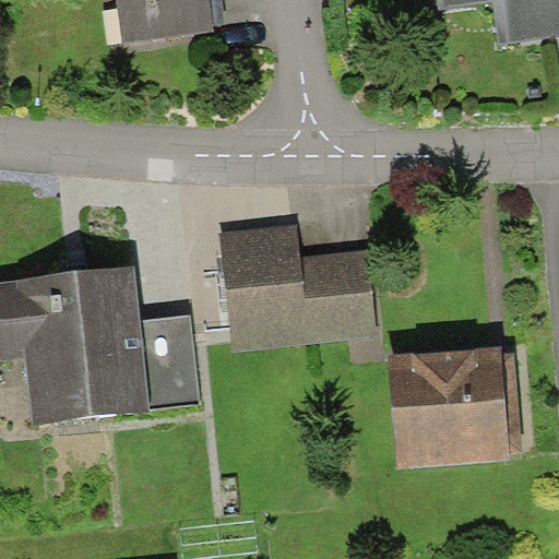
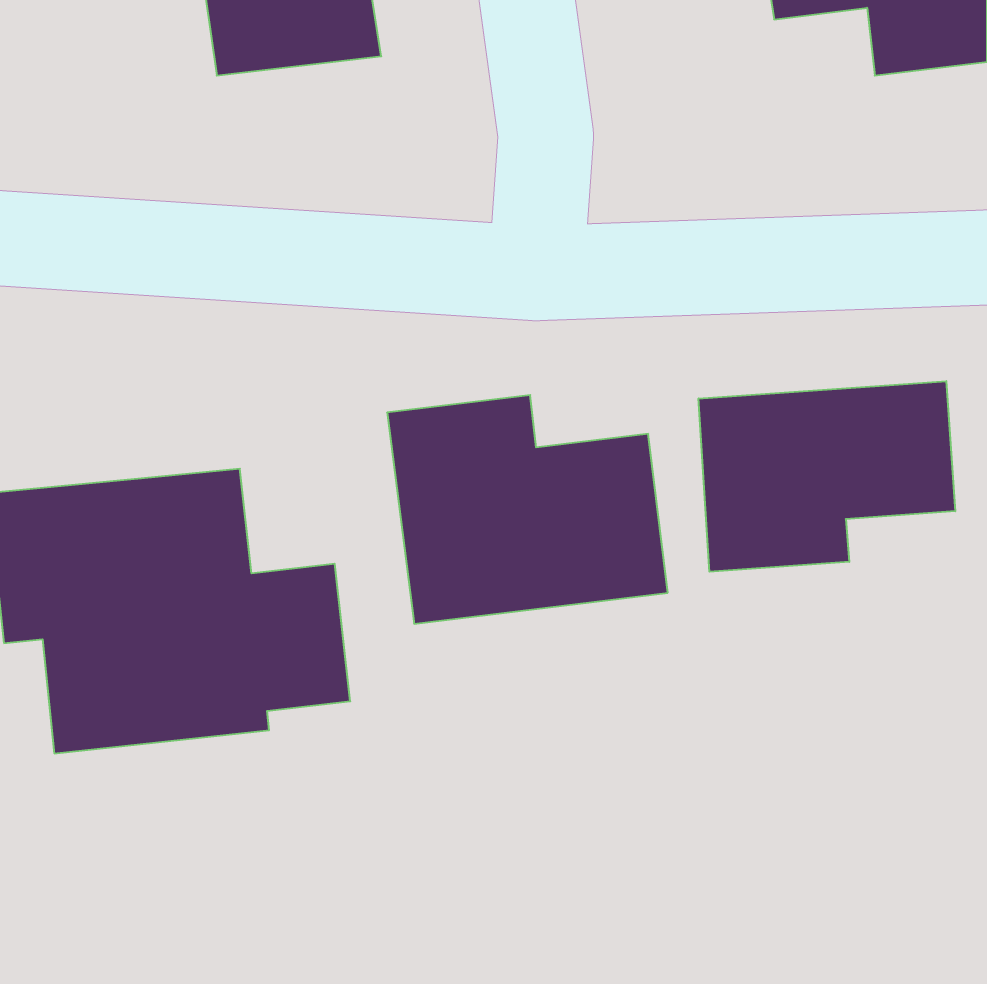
building: none -> [699,381,955,572]
building: [392,352,508,467] -> none

